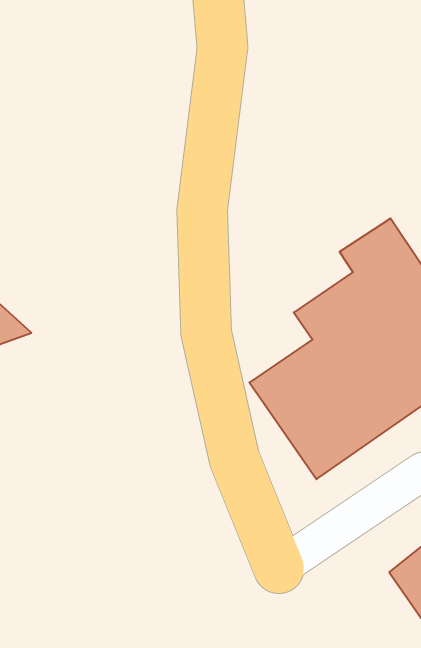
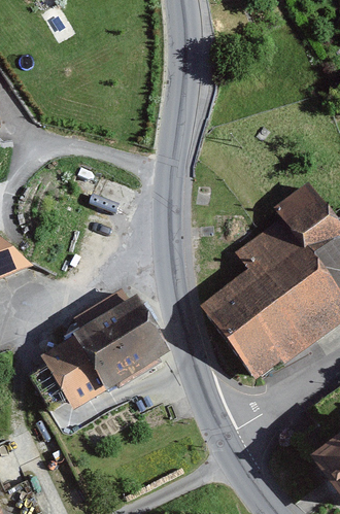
building: none -> [40,299,167,410]

